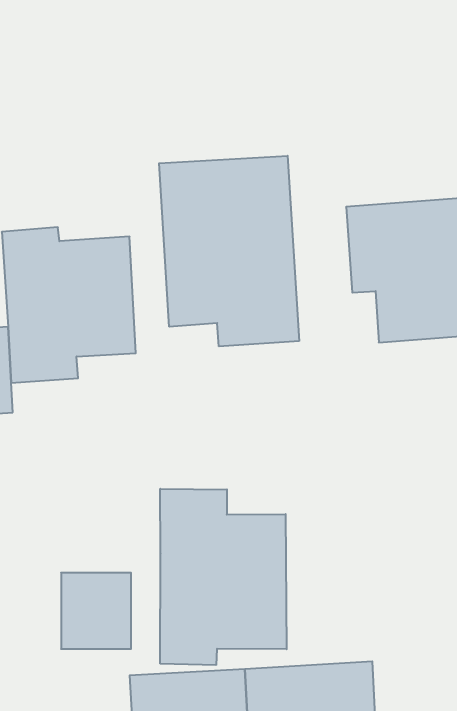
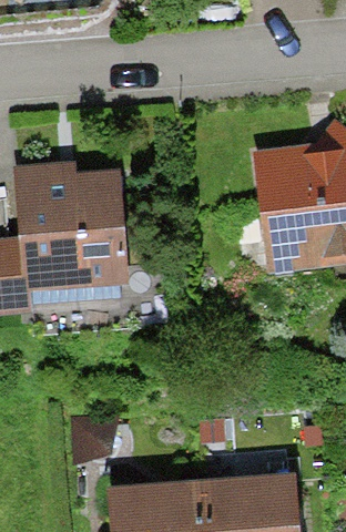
building: [159,156,299,346] -> none
building: [160,489,287,665] -> none

